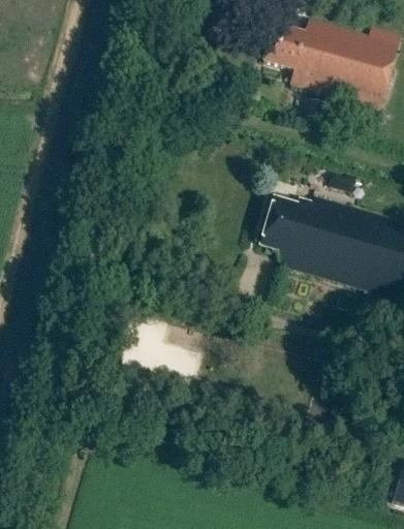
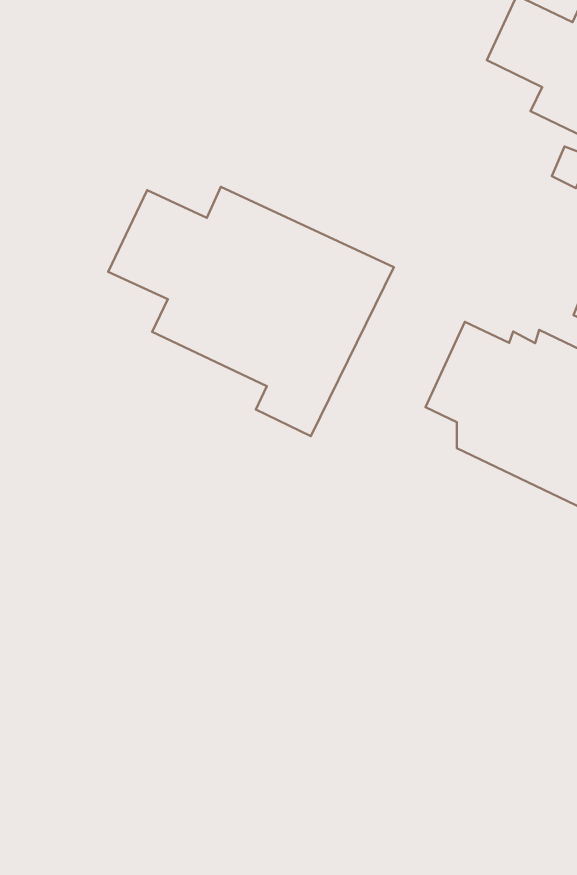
building: none -> [108,187,394,436]

